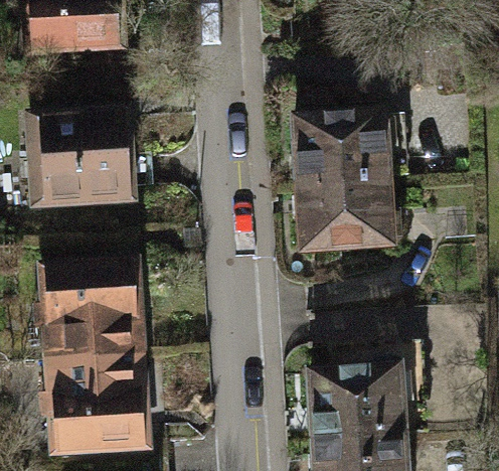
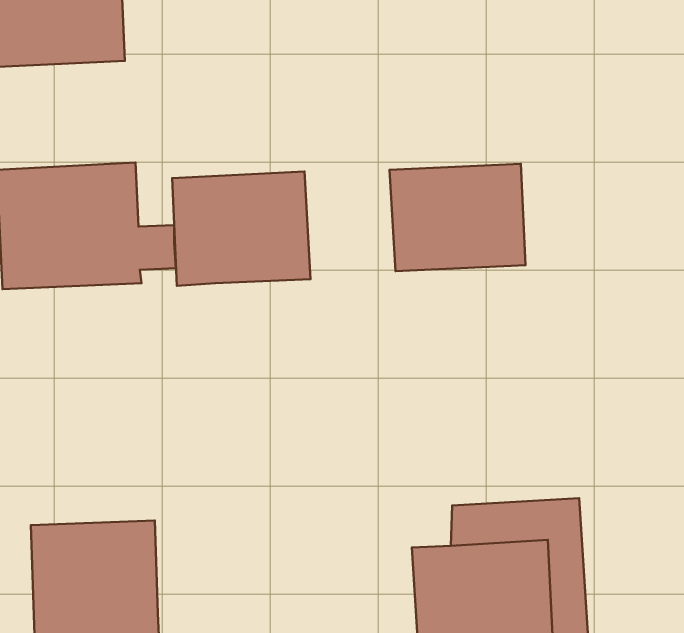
building: none -> [172,172,311,286]
building: [297,182,388,253] -> none
building: [47,265,135,357] -> none

